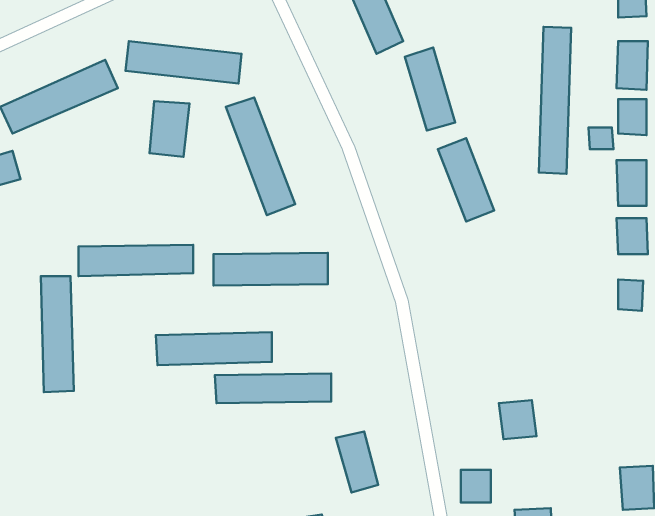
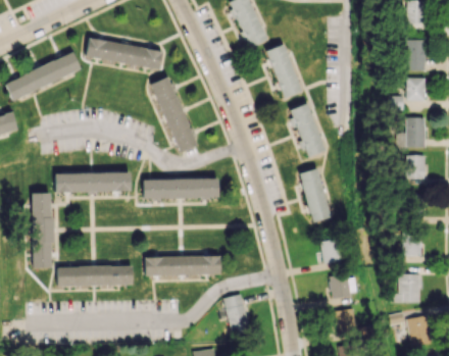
building: [539,27,571,174] -> none
building: [150,101,189,157] -> none
building: none -> [299,168,335,222]
building: [156,332,272,365] -> [56,265,132,287]
building: none -> [401,233,420,256]
building: none -> [320,239,343,264]
building: none -> [392,273,419,303]
building: [461,470,491,503] -> [337,310,356,332]

